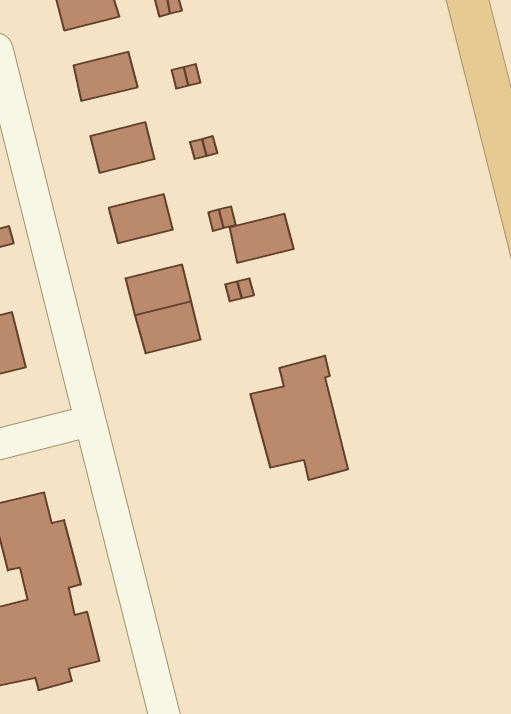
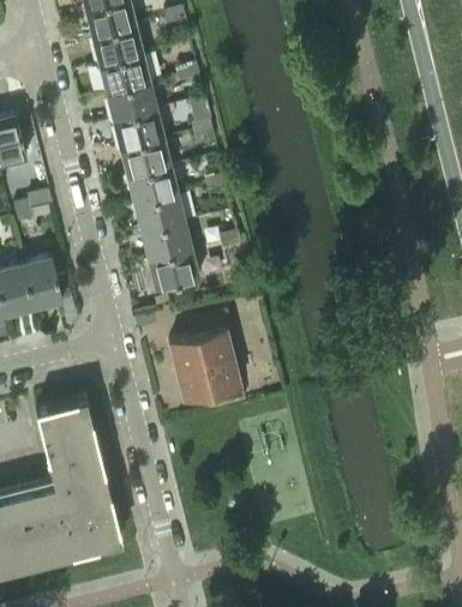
building: none -> [92,26,143,65]
building: none -> [106,82,156,120]
building: none -> [120,138,170,176]
building: [229,214,294,263] -> [134,193,185,232]
building: [250,356,348,480] -> [168,312,245,409]

